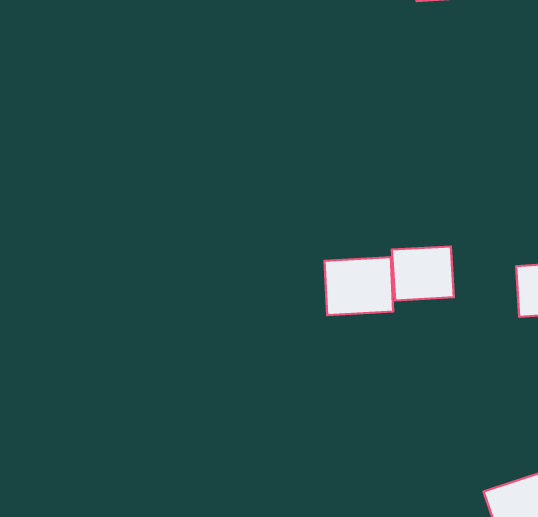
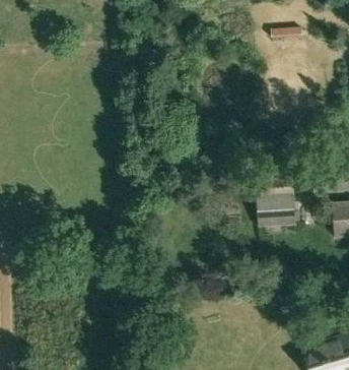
building: [325,257,393,315] -> none

